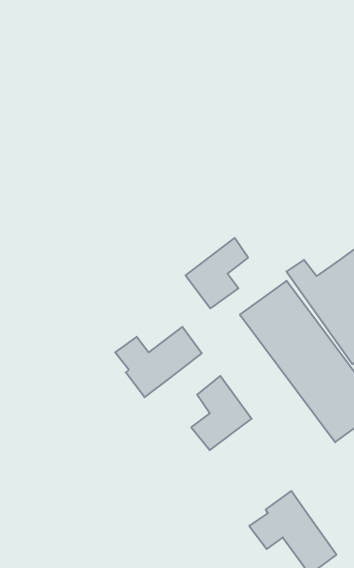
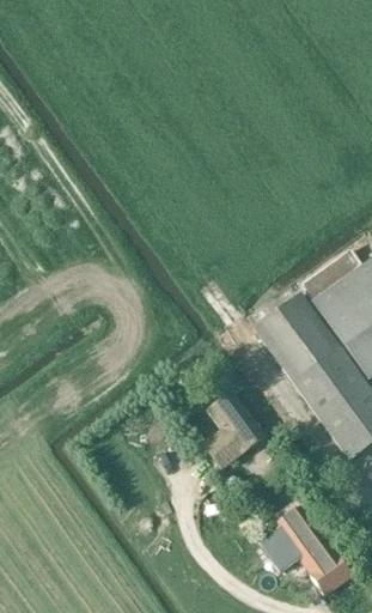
building: [186,238,248,308] -> none
building: [115,327,202,397] -> none

